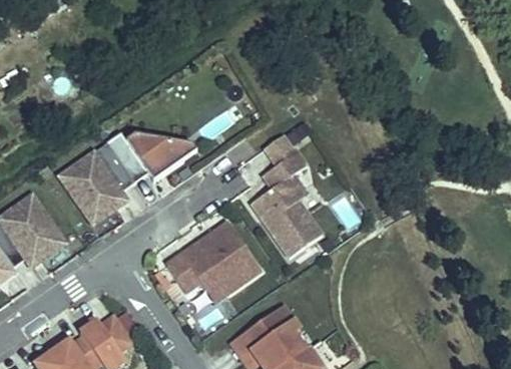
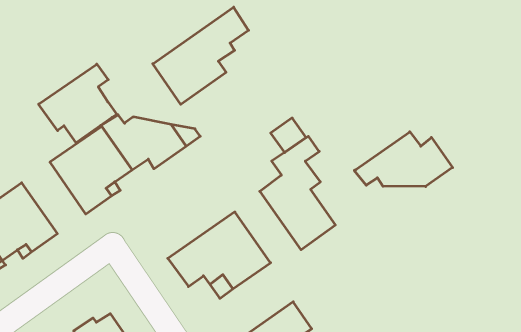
building: none -> [153,7,249,104]
building: none -> [39,64,117,143]
building: none -> [354,132,453,187]

